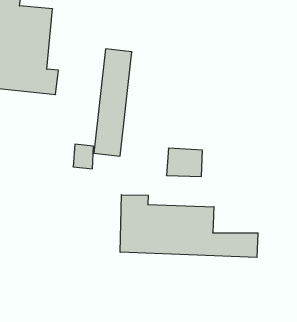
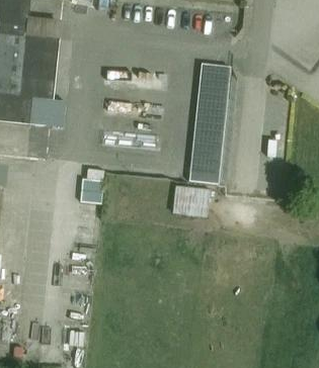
building: [94,49,132,156] -> [189,65,229,176]
building: [120,195,258,257] -> none

